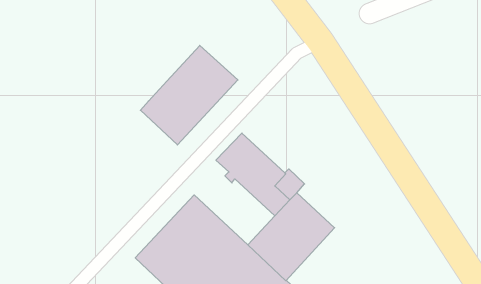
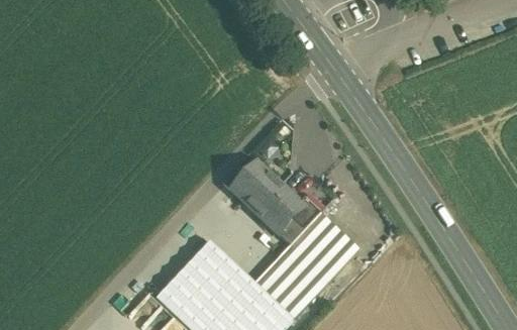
building: [140,45,238,145] -> none

